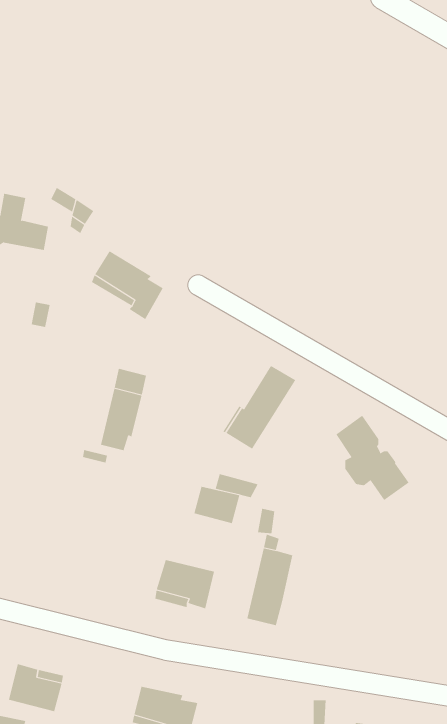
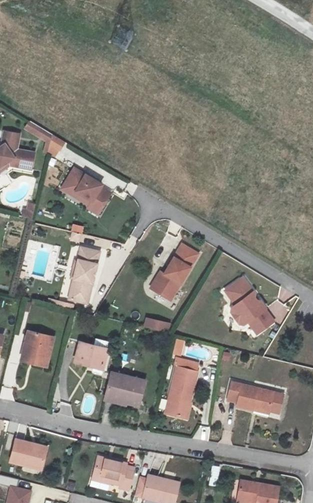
building: [193,486,240,524] -> [77,341,108,366]
building: none -> [23,329,55,360]
building: none -> [226,379,284,407]

